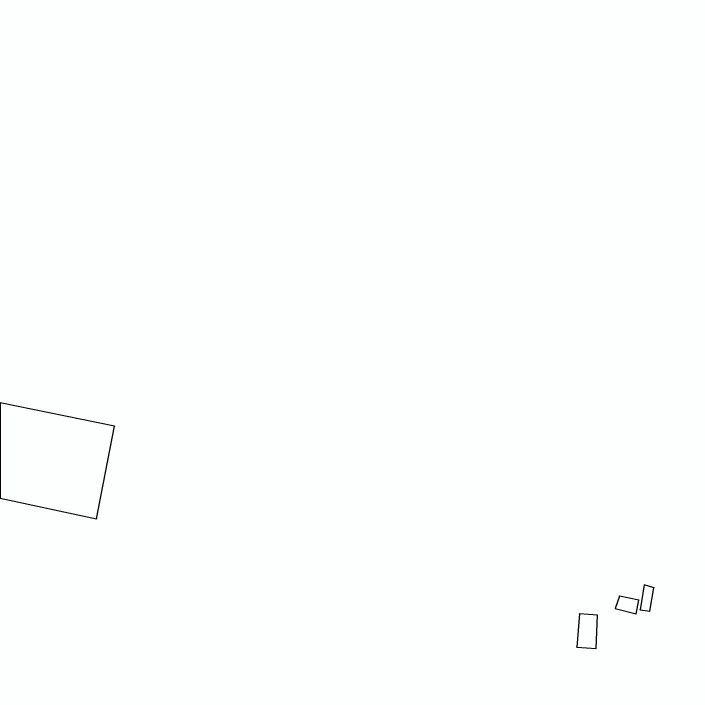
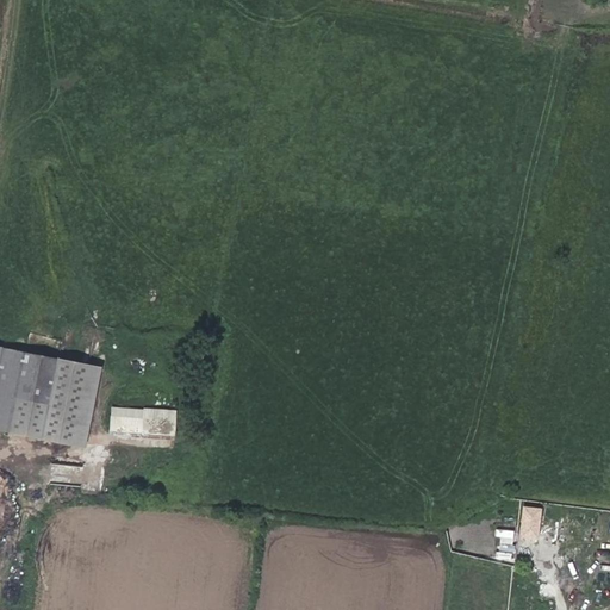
building: none -> [110,405,178,438]

